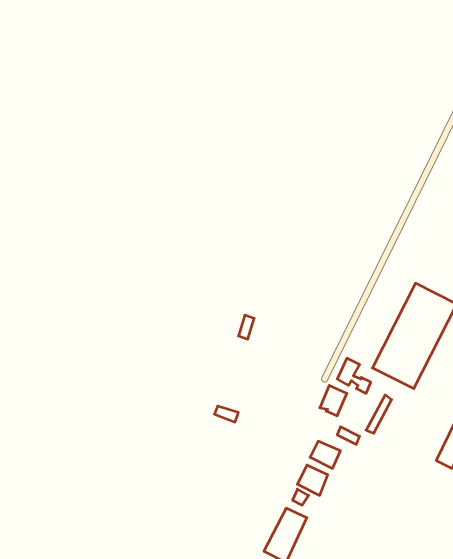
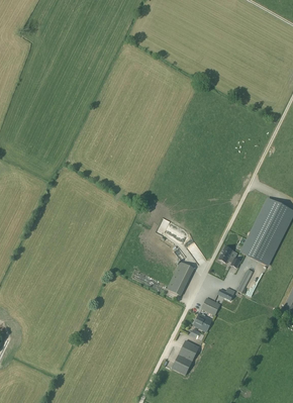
building: none -> [167,262,194,296]

